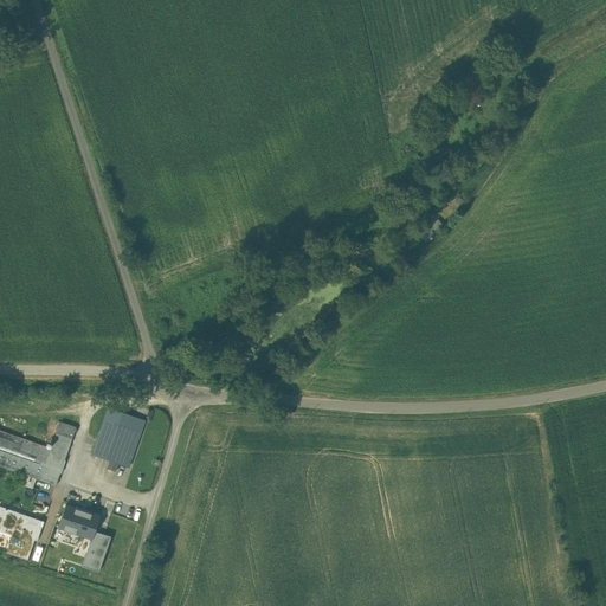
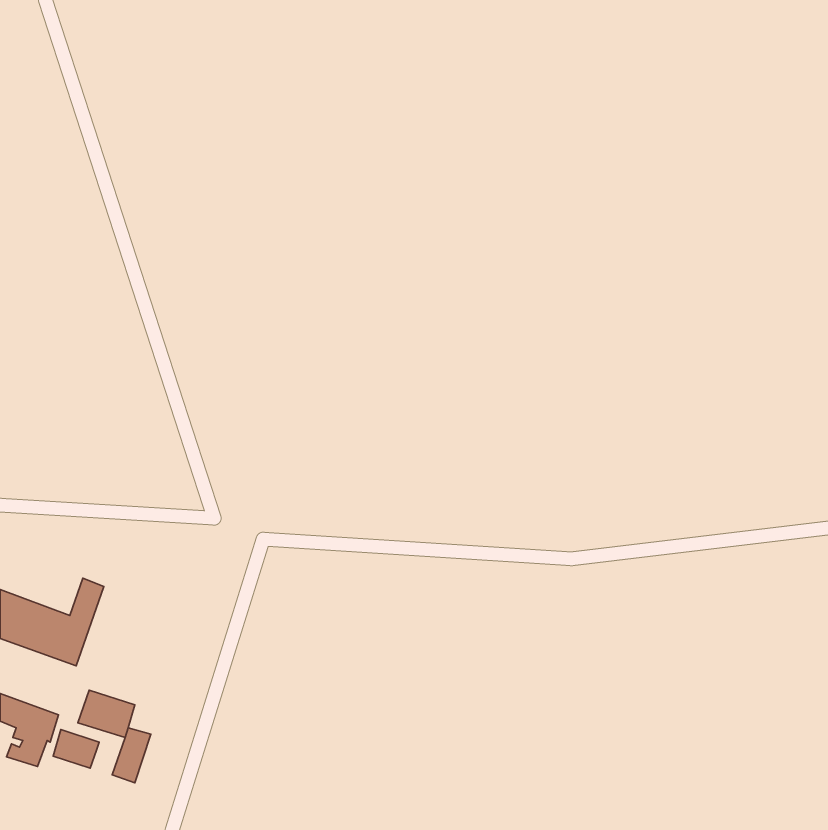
building: [94,408,143,465] -> none
building: none -> [53,730,99,768]

